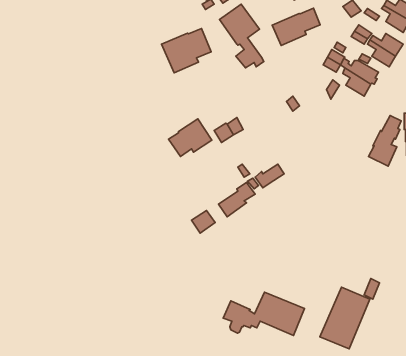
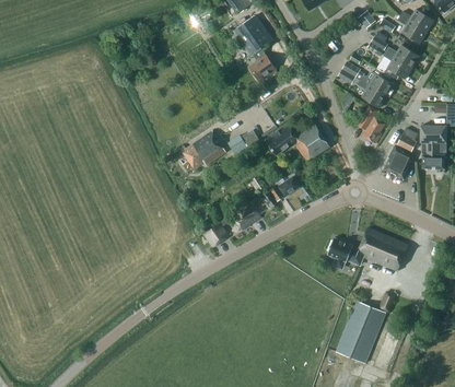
building: [272,8,320,46] -> none
building: [162,28,211,73] -> none
building: none -> [358,105,384,144]
building: none -> [265,126,329,162]
building: [223,292,304,335] -> [326,228,408,272]

